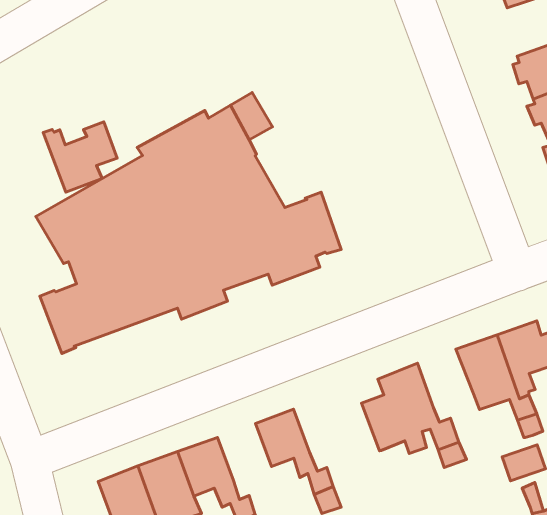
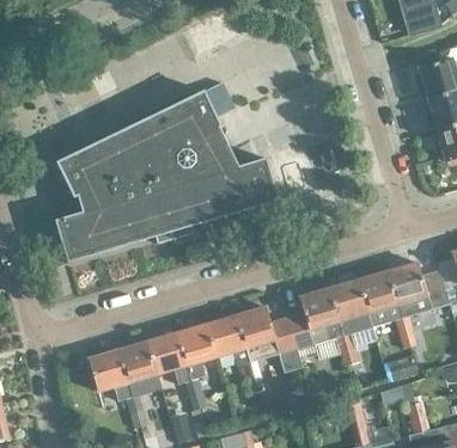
building: [43,122,117,192] -> none
building: none -> [329,280,368,321]
building: none -> [236,306,303,372]
building: none -> [178,324,217,379]

